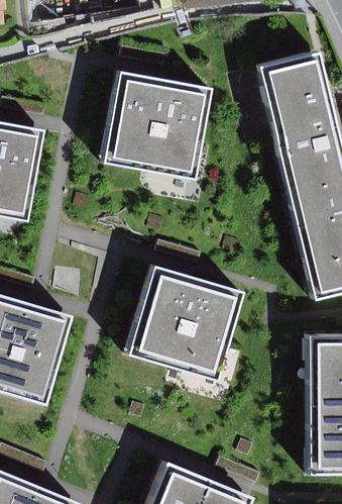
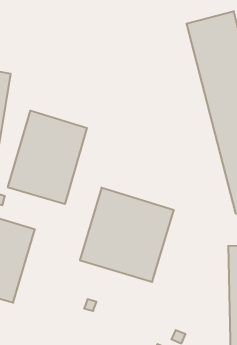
building: [103,70,210,177] -> none
building: none -> [8,111,87,204]

